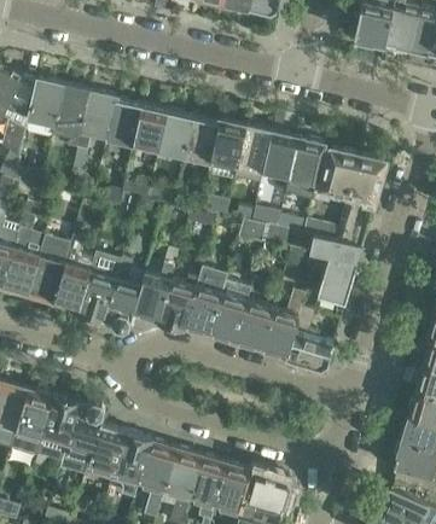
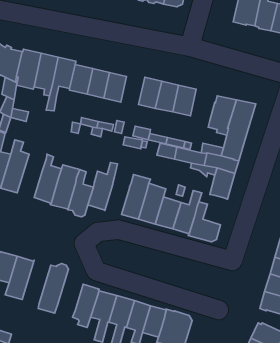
building: [184,120,220,164] -> none
building: [285,139,322,202] -> none
building: [28,222,65,302] -> none
building: [159,276,199,328] -> none
building: [35,396,79,462] -> none
building: [85,424,127,482] -> none

